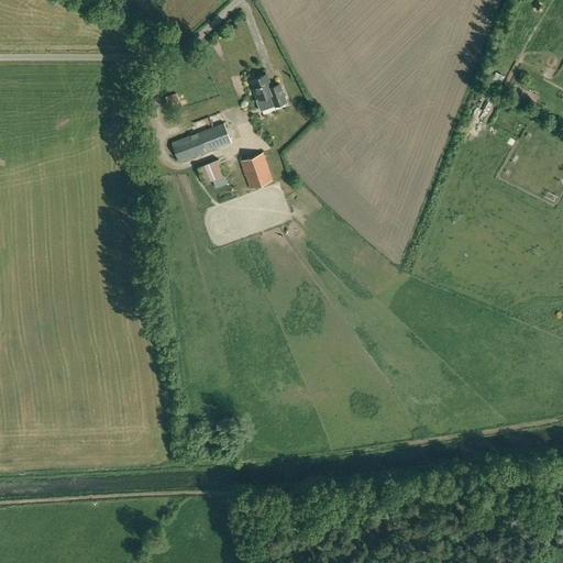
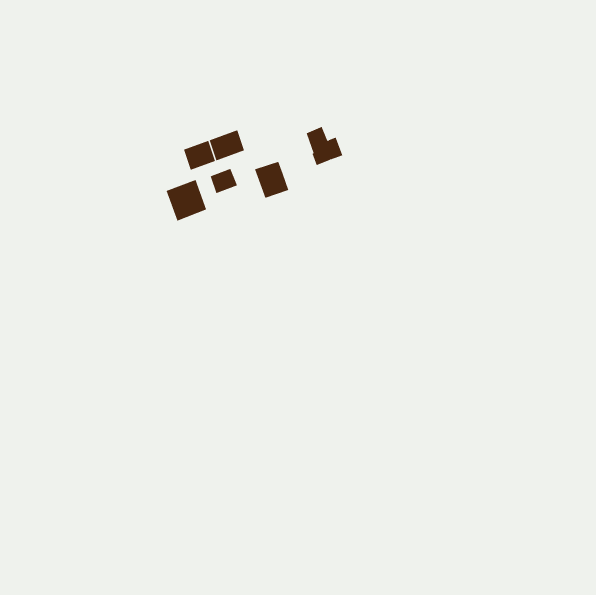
building: [251,75,286,112] -> [306,126,343,166]
building: none -> [166,179,207,221]

